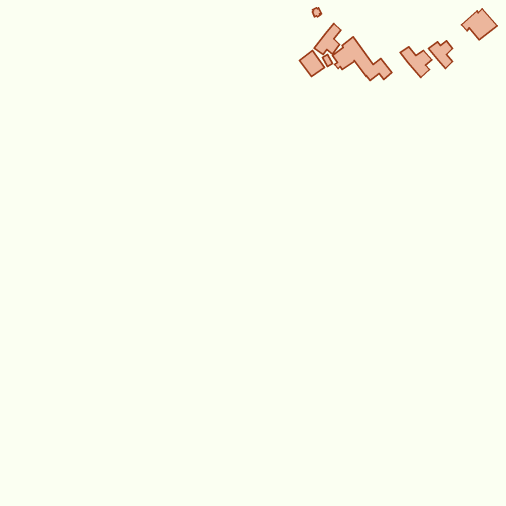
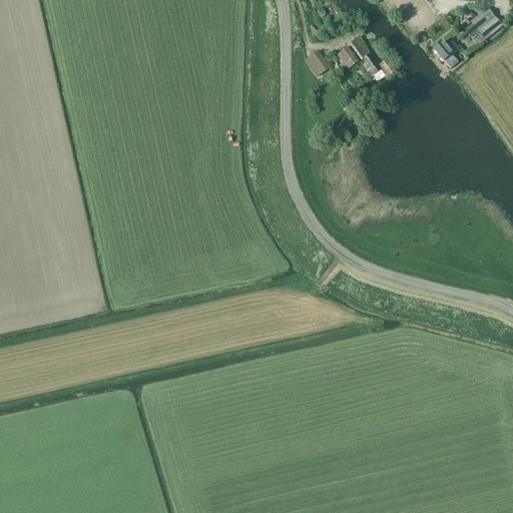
building: [314,23,341,54] -> none
building: [400,47,432,78] -> none

